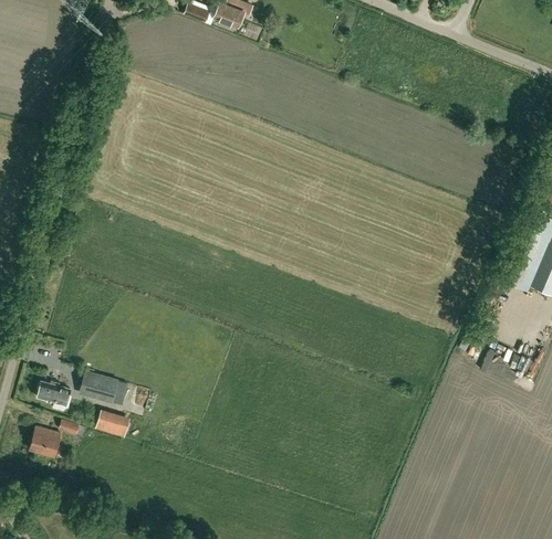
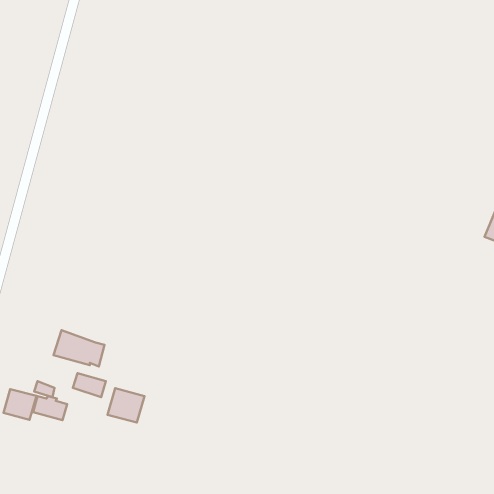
building: [38,382,71,405] -> [33,396,67,420]
building: none -> [107,388,144,423]

